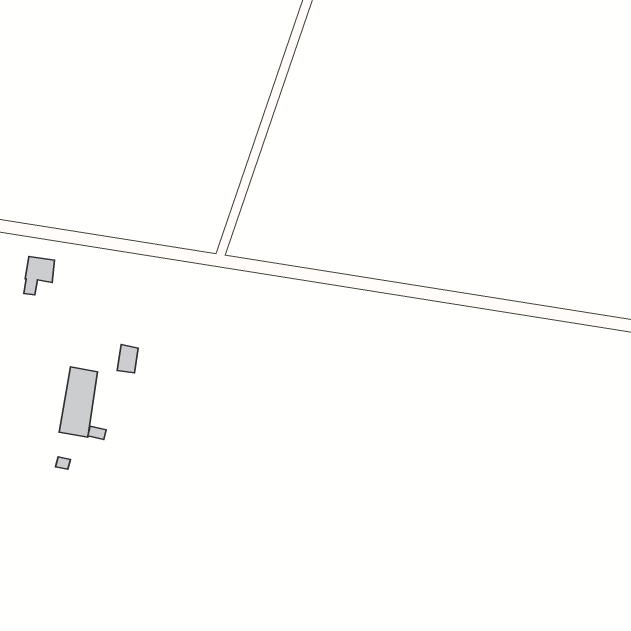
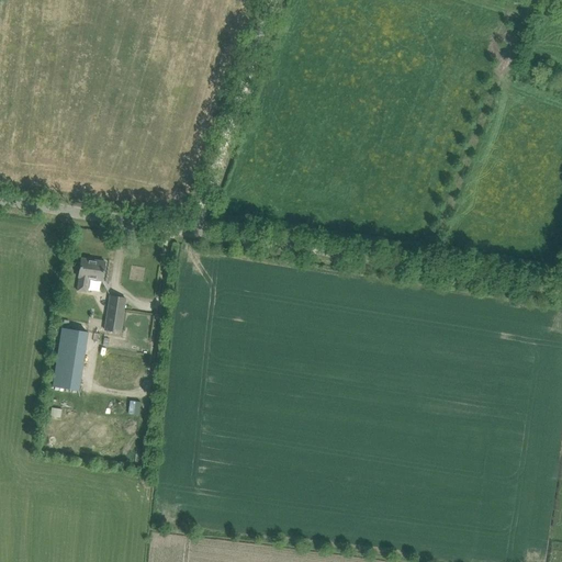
building: [24,256,55,295] -> [77,258,104,292]

